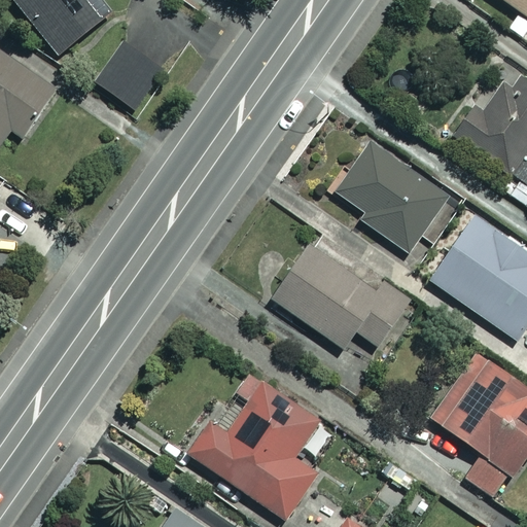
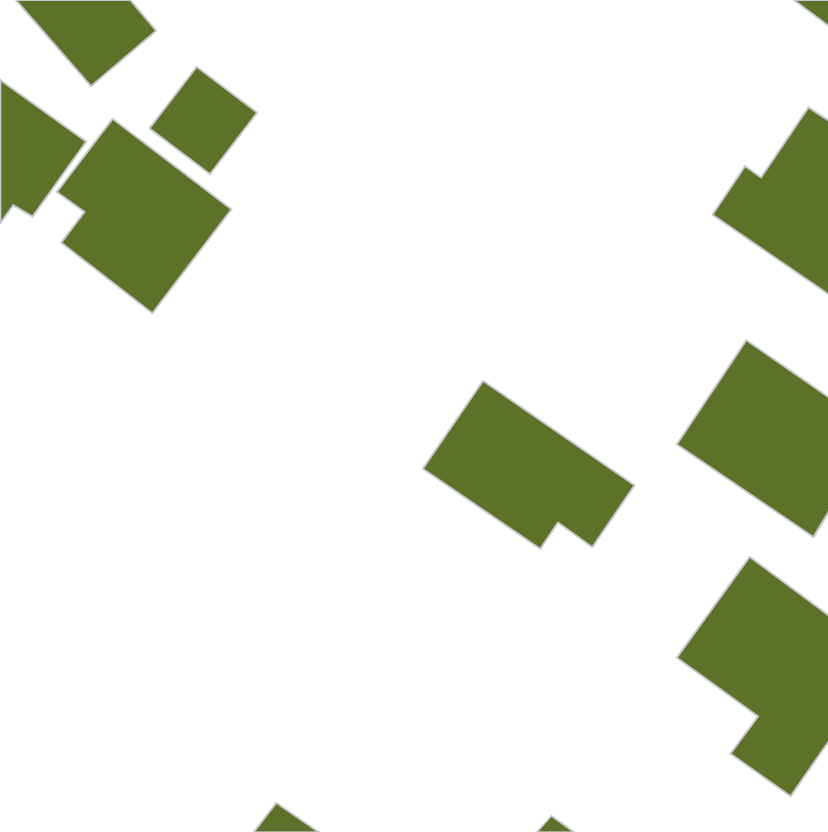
building: none -> [57,119,232,313]
building: [337,142,449,253] -> none
building: [188,380,321,519] -> none

